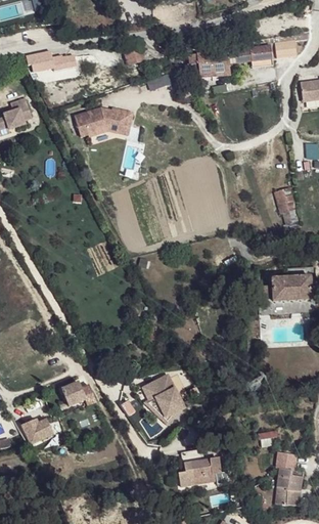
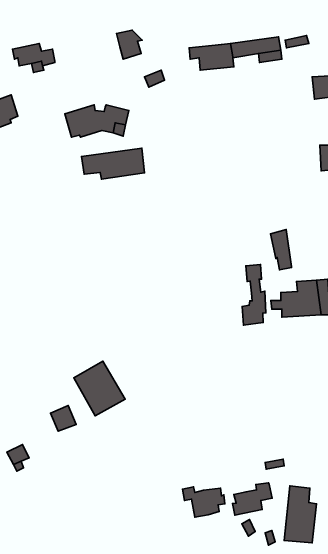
building: none -> [81,148,145,179]
building: [277,187,297,224] -> [270,229,292,270]
building: none -> [242,265,266,325]
building: [140,374,187,424] -> [74,361,125,416]
building: none -> [232,483,272,515]

